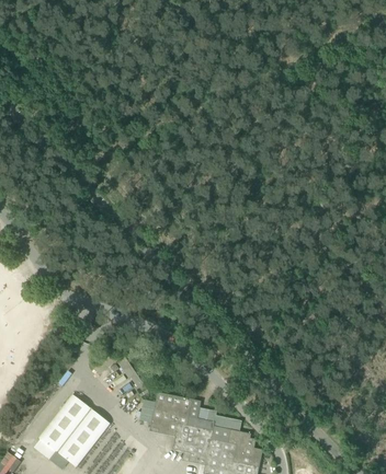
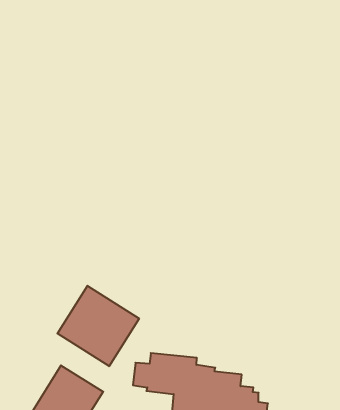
building: none -> [57,286,139,366]

